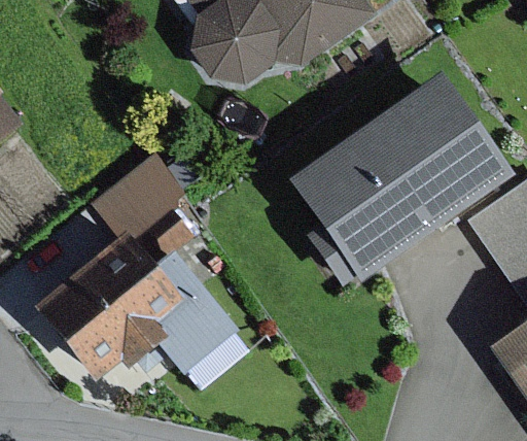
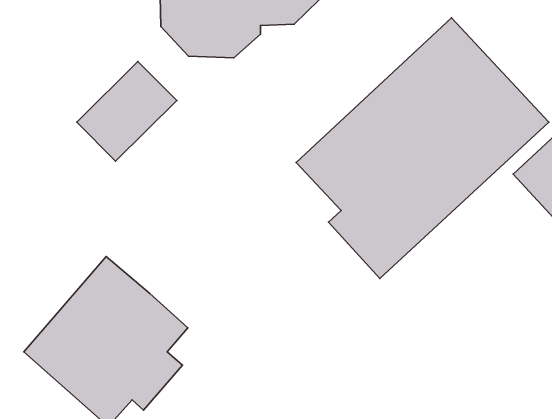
building: [97,152,184,234] -> [77,61,177,161]
building: [147,250,240,370] -> none

